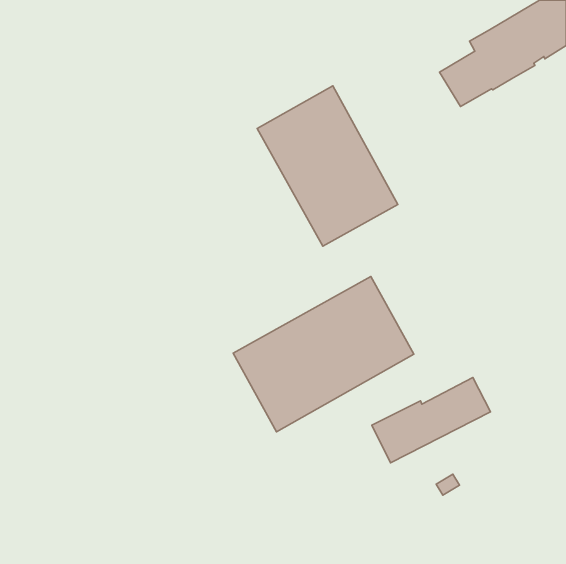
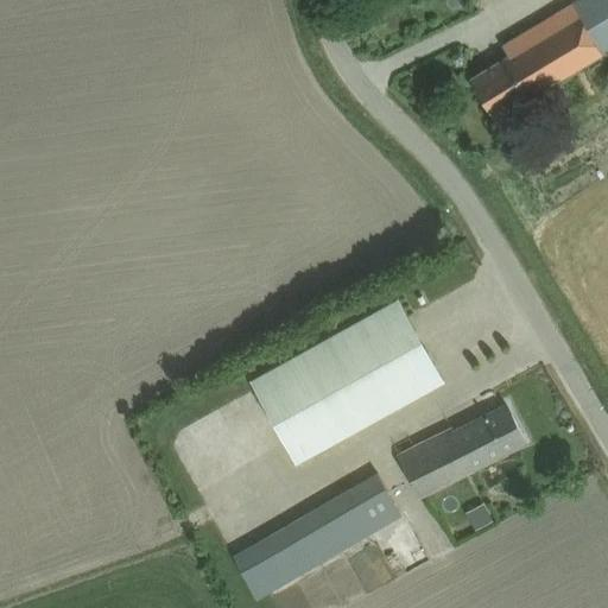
building: [257,86,398,246] -> none
building: none -> [232,474,400,600]

